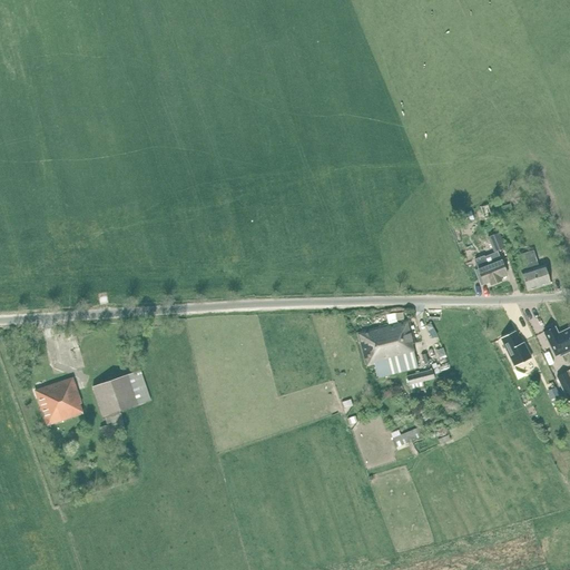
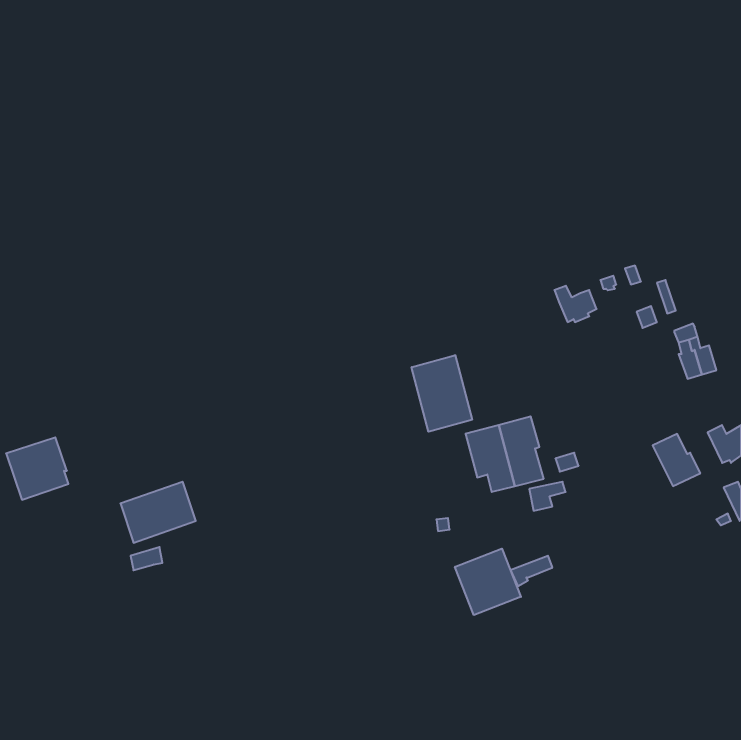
building: [474,256,507,284] -> [554,286,597,322]
building: none -> [412,355,472,432]
building: [35,377,82,425] -> [6,437,68,500]
building: none -> [455,549,521,615]

